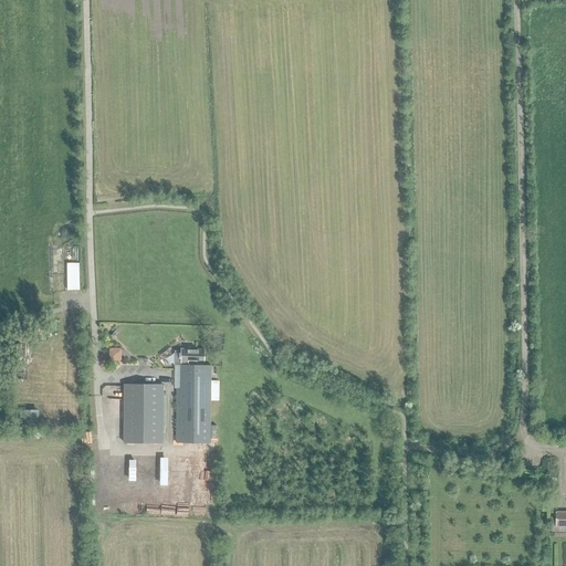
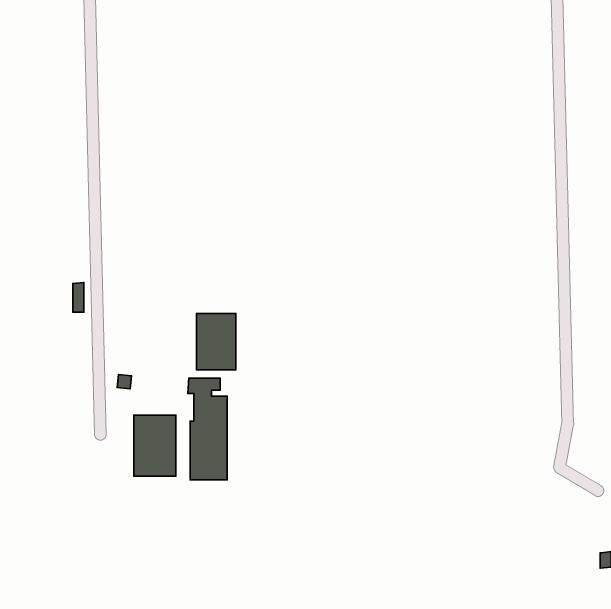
building: none -> [196,314,236,370]

